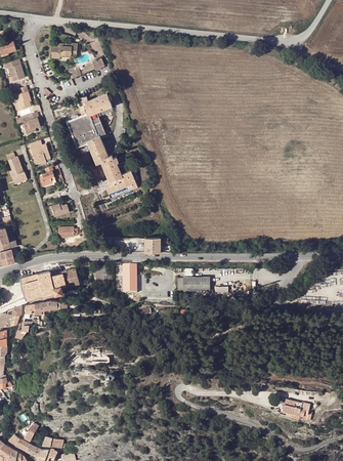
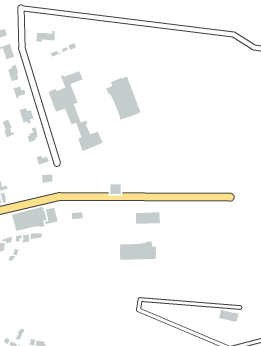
building: none -> [105,76,142,121]
building: [116,265,136,292] -> none
building: none -> [119,241,157,261]

